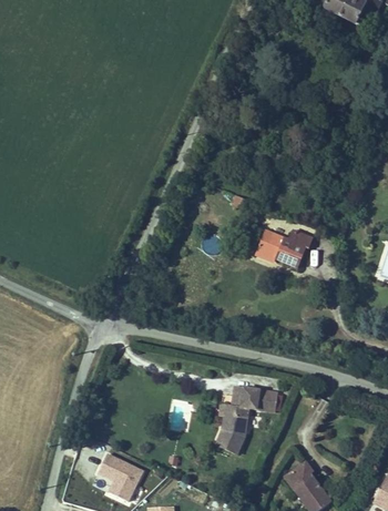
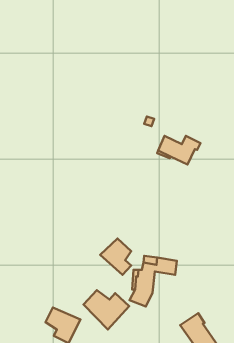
building: none -> [100,239,131,275]
building: none -> [84,290,129,330]

